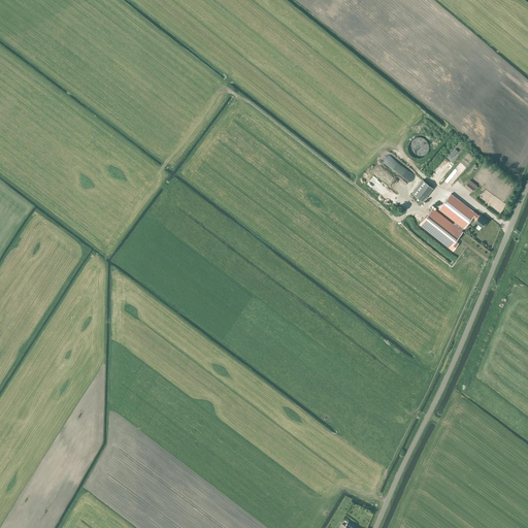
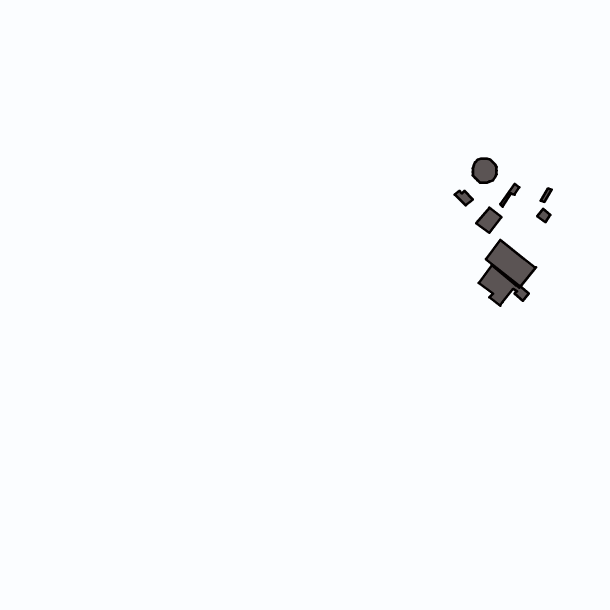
building: [443,196,487,231] -> [479,265,529,306]

